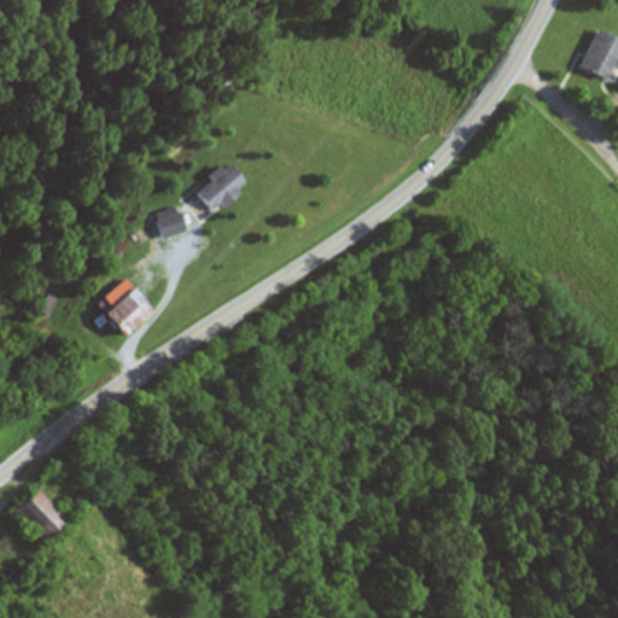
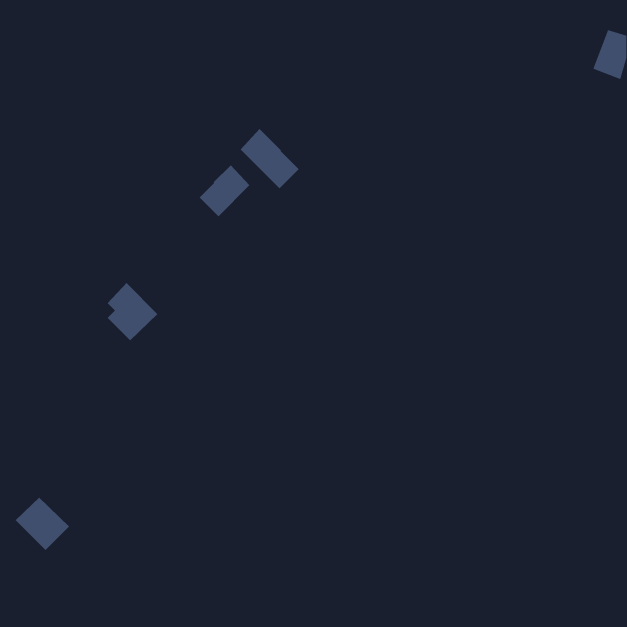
building: none -> [240,128,300,189]
building: [154,206,185,238] -> none

